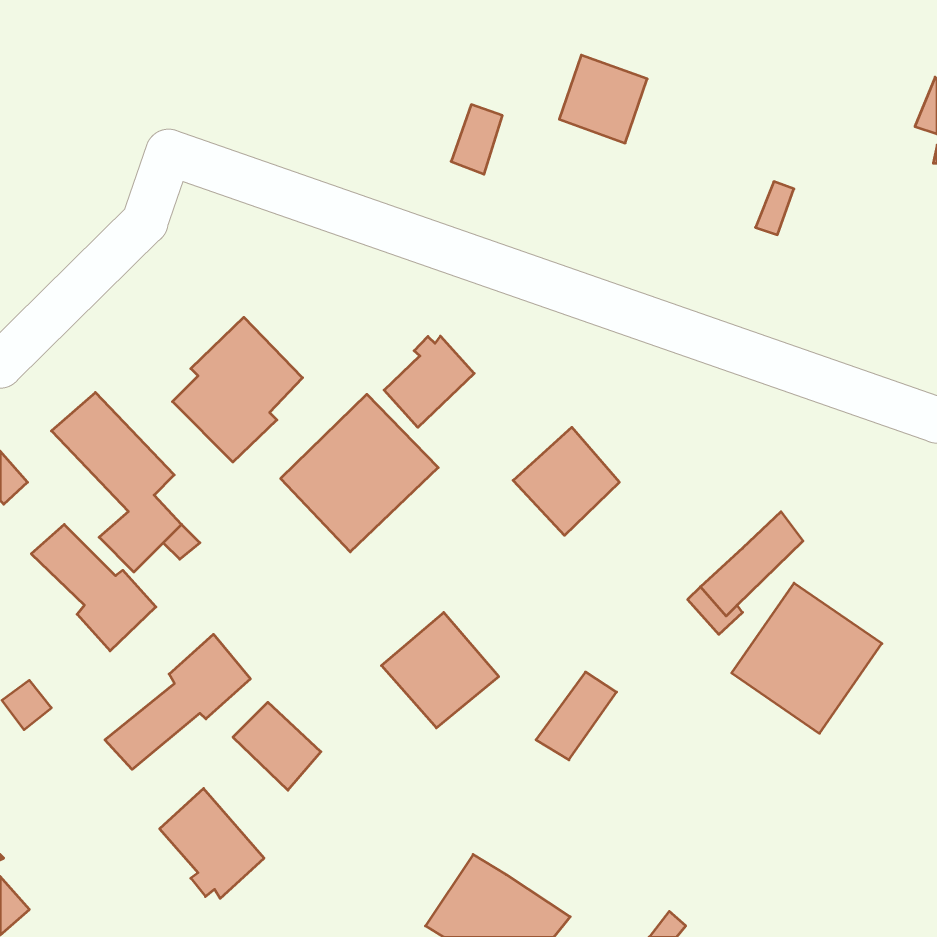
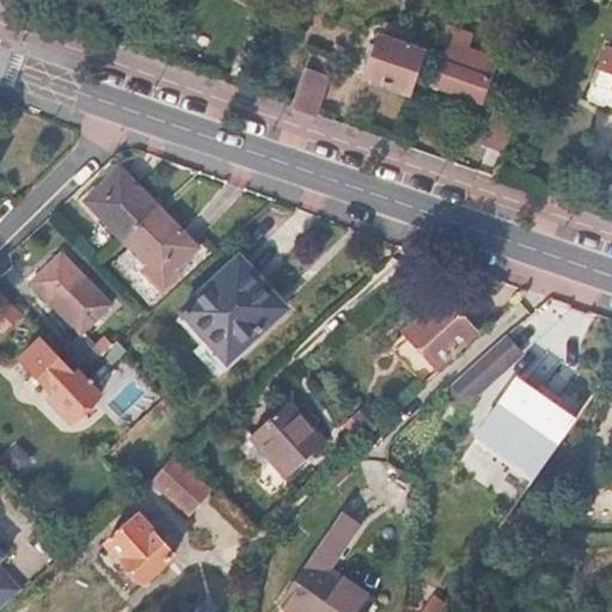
building: none -> [433,31,497,98]
building: none -> [86,167,159,240]
building: [384,336,474,427] -> none
building: [513,427,619,535] -> [405,298,475,368]
building: [105,634,250,769] -> none
building: [536,672,617,760] -> [308,513,361,570]

